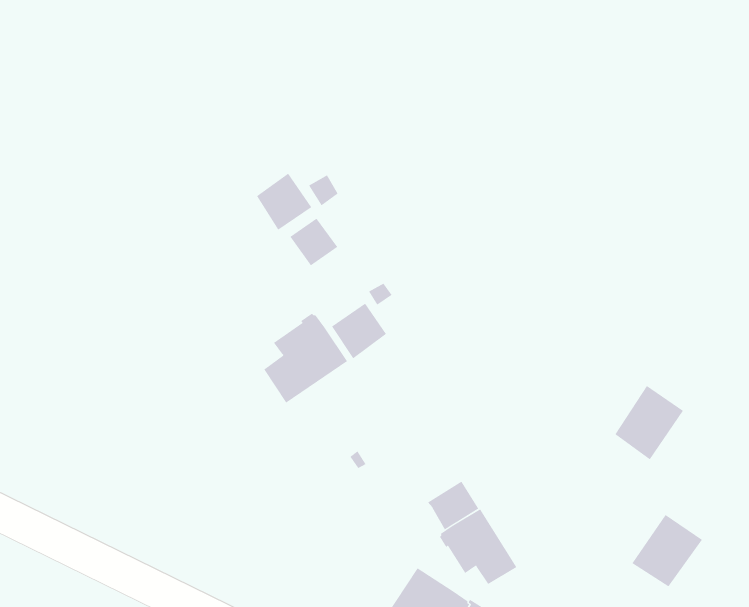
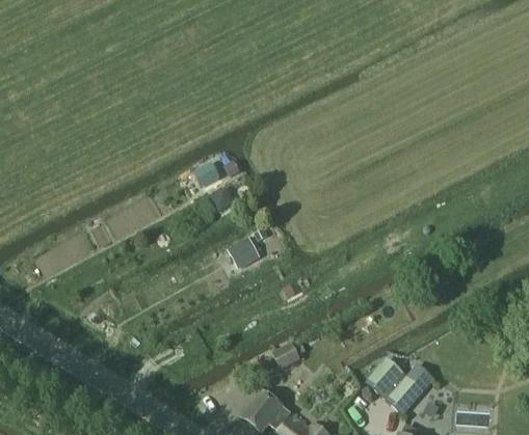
building: [263,313,348,403] -> none
building: [615,385,684,460] -> [365,355,405,398]
building: [439,508,517,585] -> none

